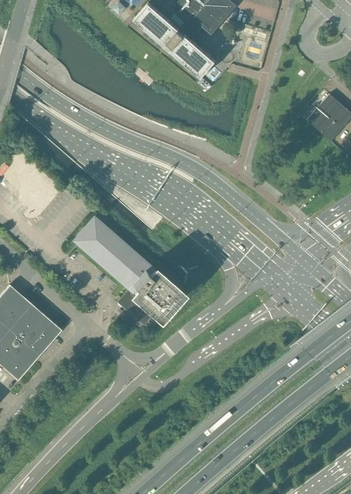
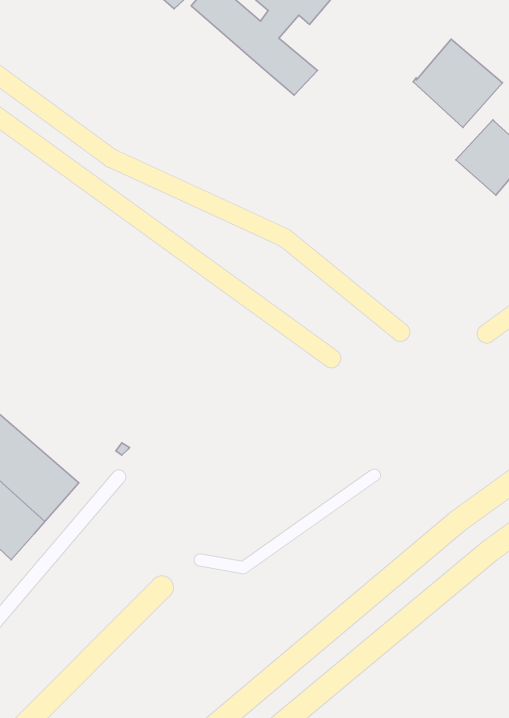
building: none -> [413,39,502,127]
building: [79,223,177,327] -> none

